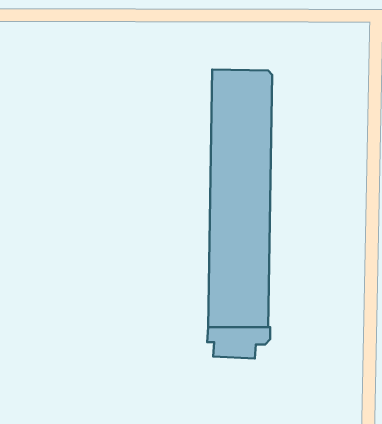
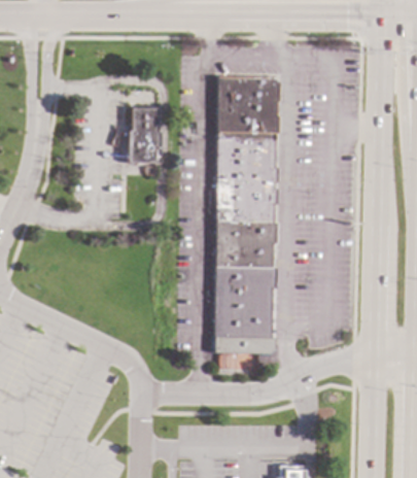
building: none -> [127,105,161,163]

